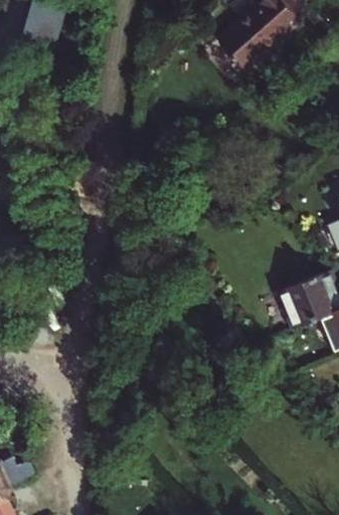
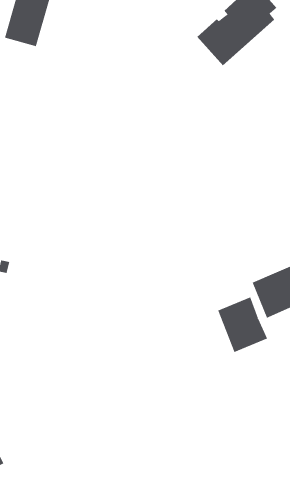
building: none -> [217,297,268,353]

